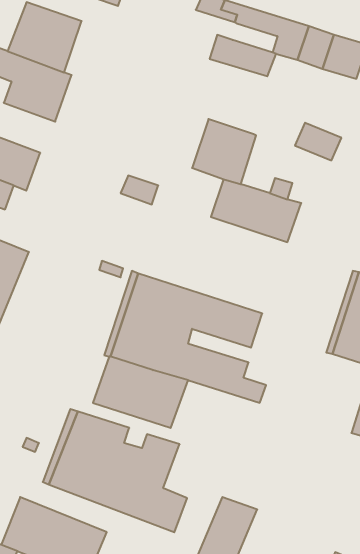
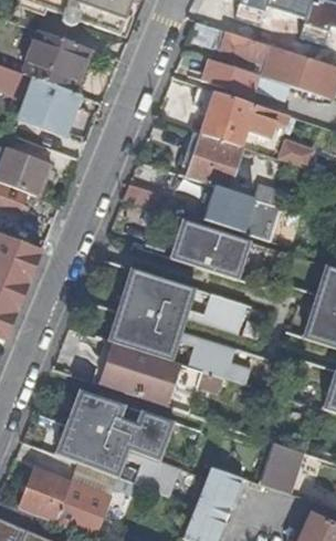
building: none -> [199,90,287,146]
building: none -> [171,220,250,280]
building: none -> [259,440,304,492]

